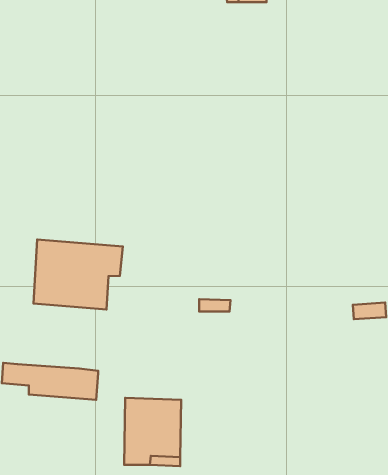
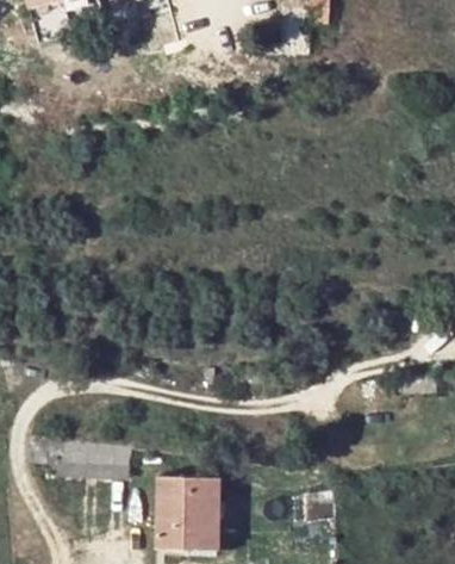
building: [34,239,123,309] -> none

